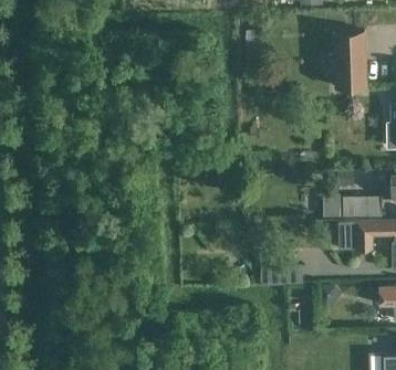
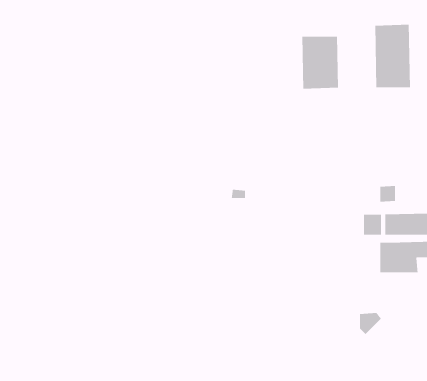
building: none -> [302,36,339,89]

